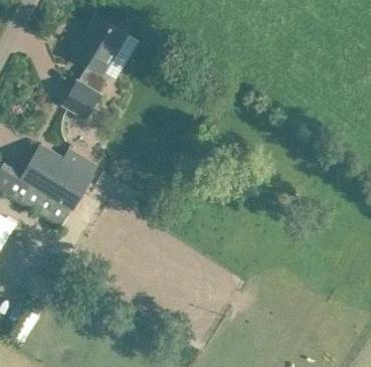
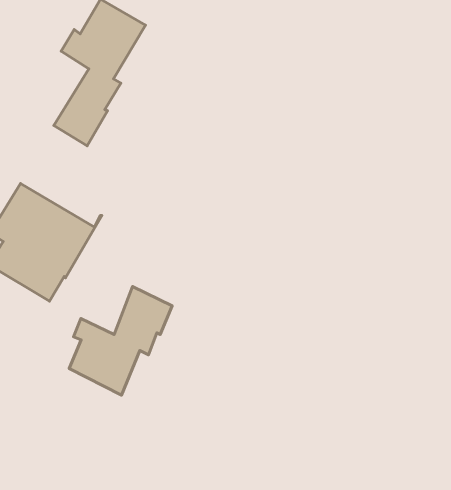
building: none -> [69,286,172,395]

